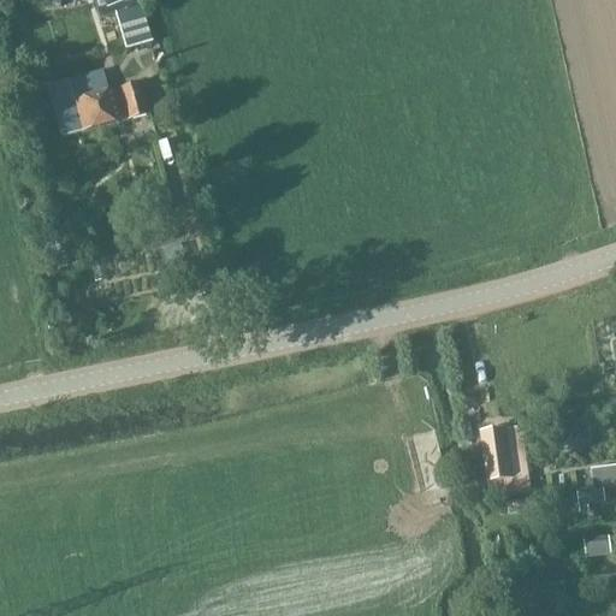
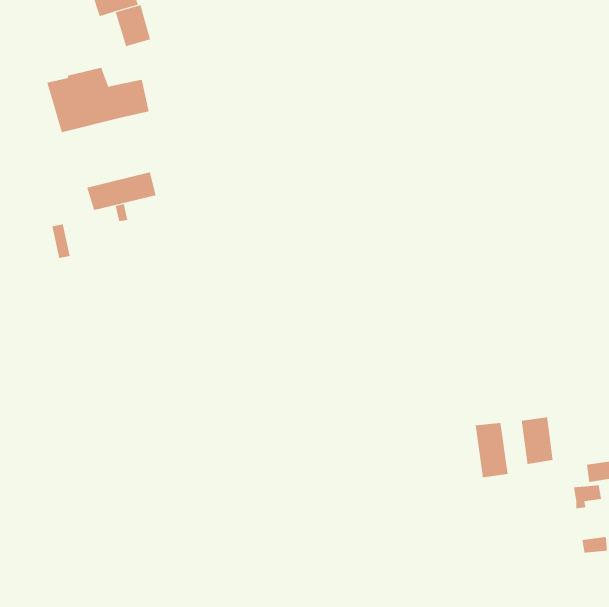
building: none -> [87,172,156,211]
building: none -> [521,417,553,465]

